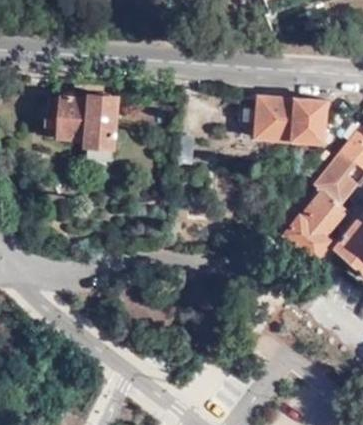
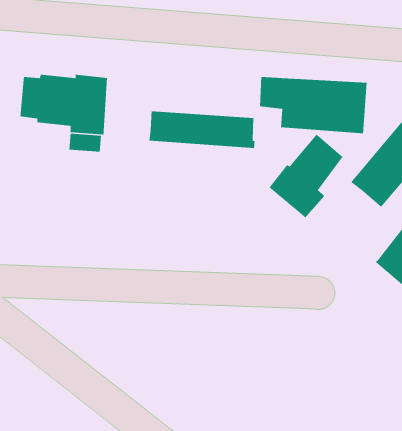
building: none -> [148,111,255,149]
building: [283,190,344,259] -> [269,133,344,218]

